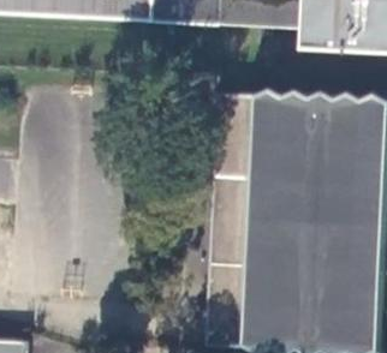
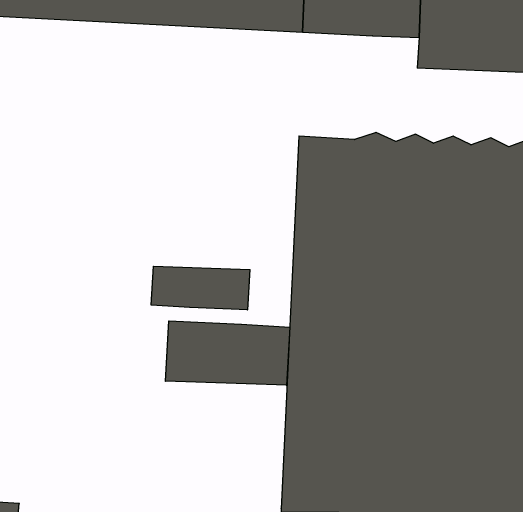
building: none -> [151,266,250,310]
building: none -> [165,321,290,385]

